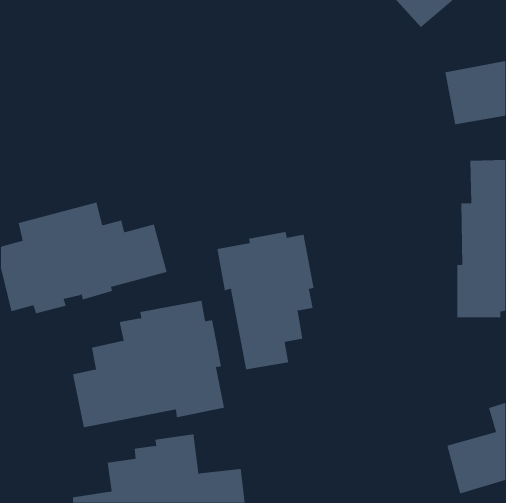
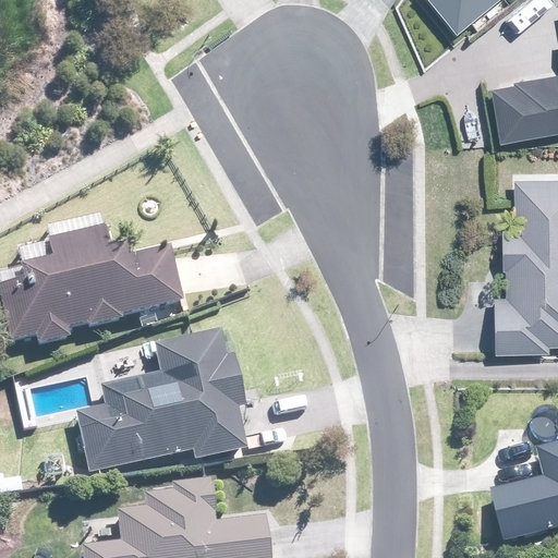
building: [217,231,314,370] -> none

